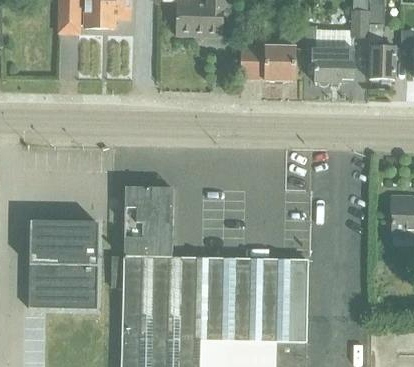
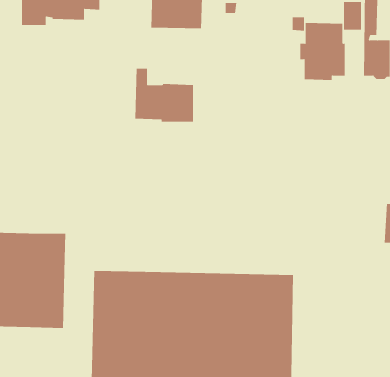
building: [241,31,295,80] -> [135,68,194,122]
building: [124,186,174,256] -> none

